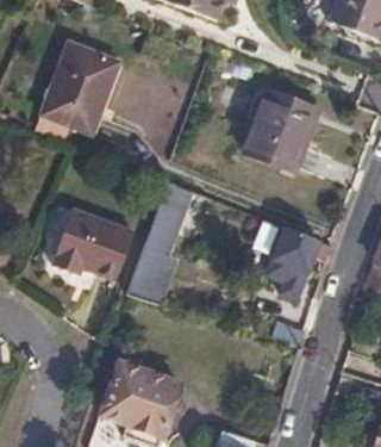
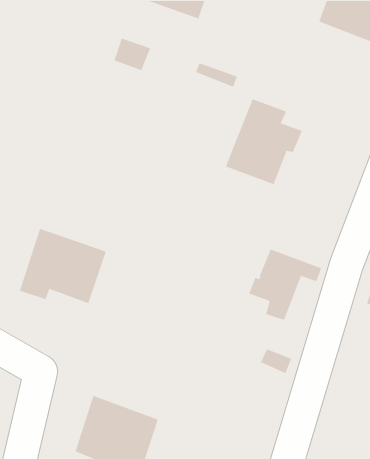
building: [40,42,115,131] -> none
building: [127,181,190,303] -> none

